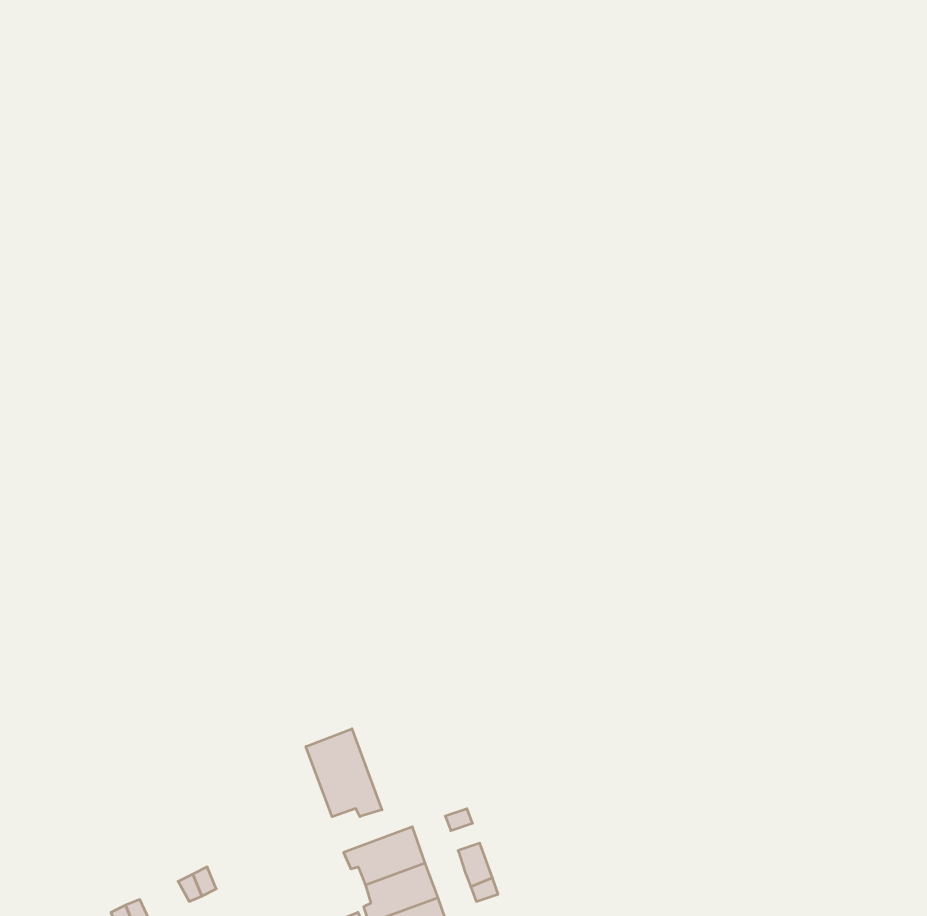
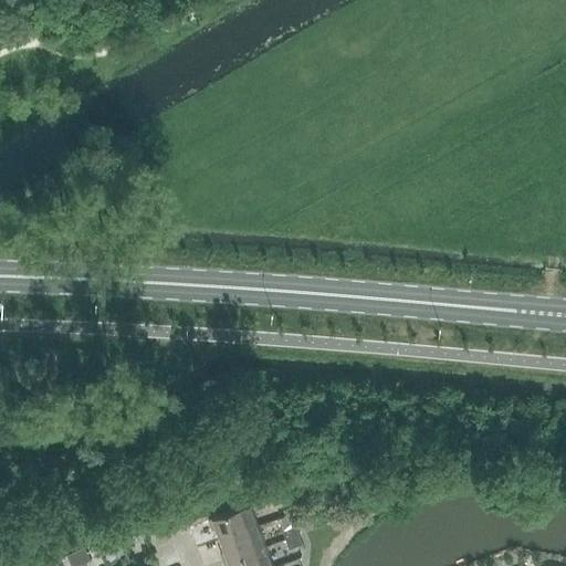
building: [306,729,382,817] -> none

